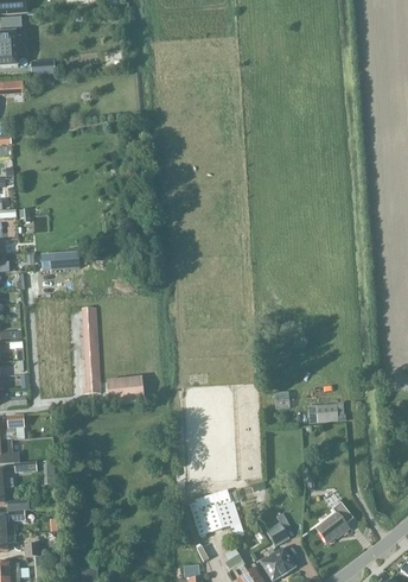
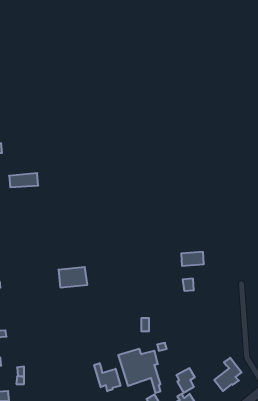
building: [82,306,101,393] -> none
building: [307,403,338,422] -> [181,252,204,266]
building: none -> [94,363,121,391]

